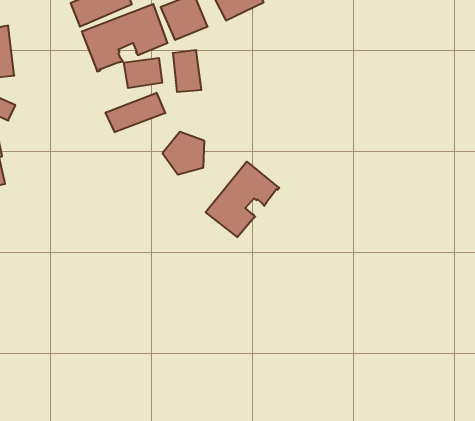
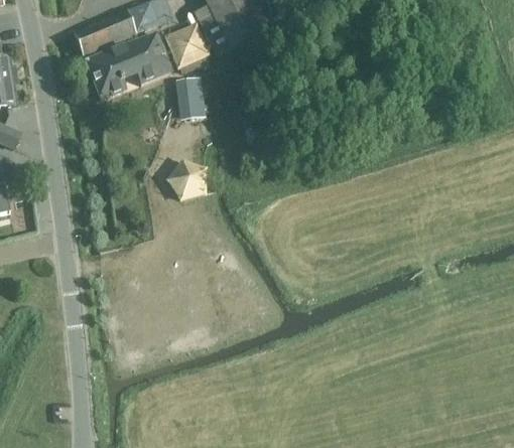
building: [124,58,162,88] -> none
building: [106,93,165,132] -> none
building: [206,162,279,237] -> none

